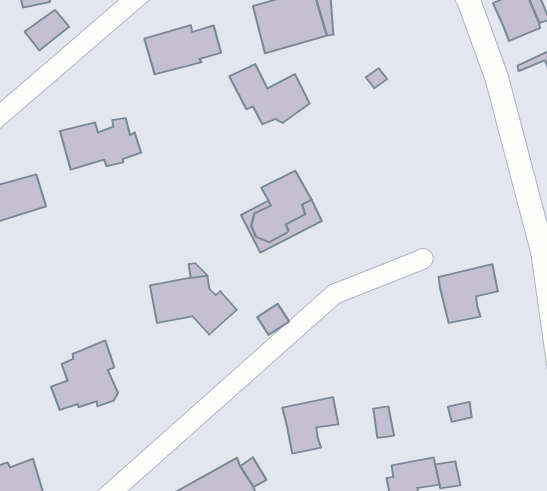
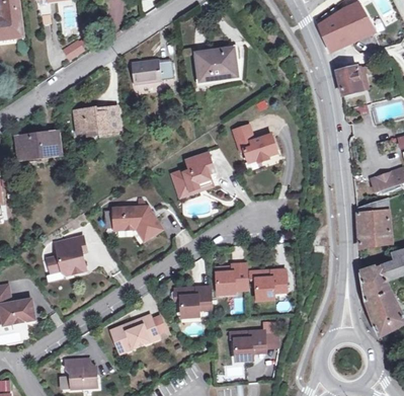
building: [229,64,310,124] -> [232,126,276,162]
building: [438,264,498,323] -> [252,269,286,300]
building: none -> [216,264,246,294]

